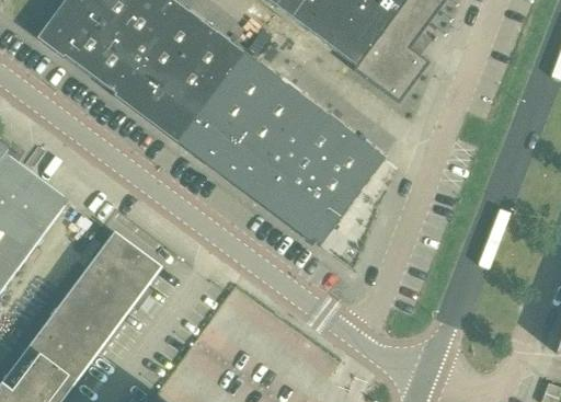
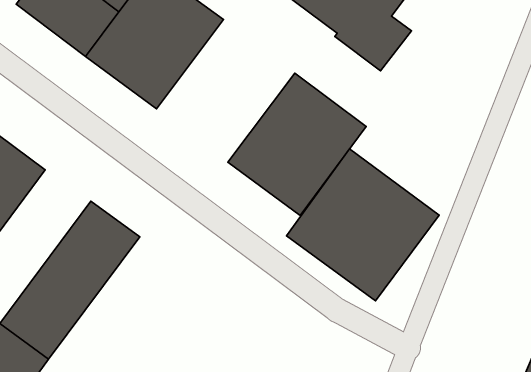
building: [178,51,313,192] -> none
building: none -> [286,149,439,301]

